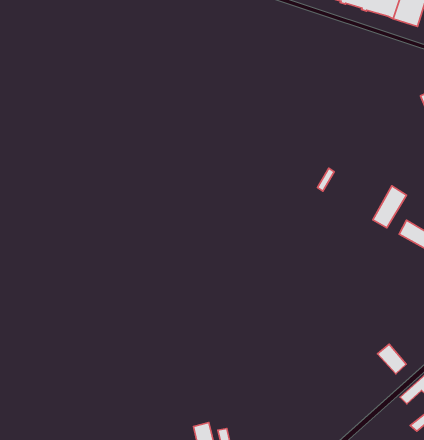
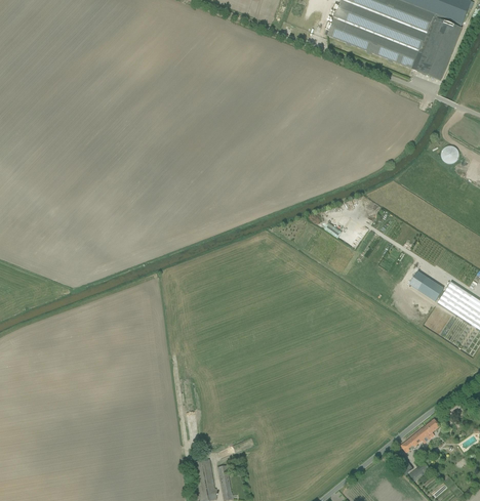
building: [373,186,407,228] -> none
building: [378,344,406,374] -> none

